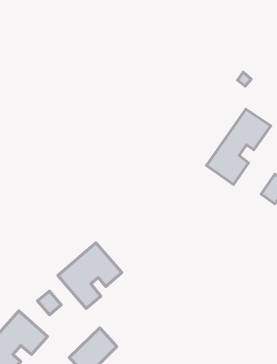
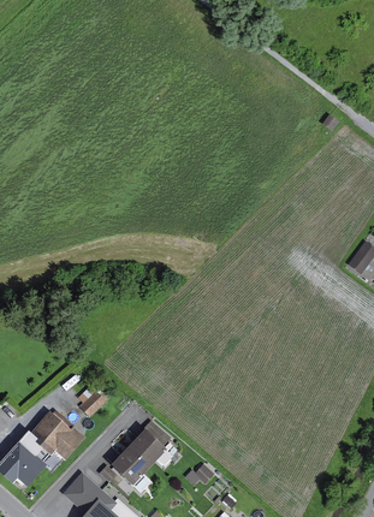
building: [206,109,271,184] -> none
building: [58,243,122,308] -> none

